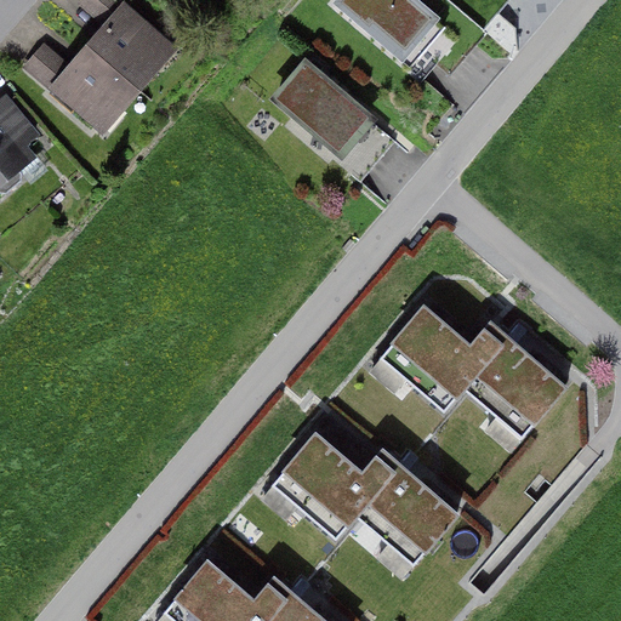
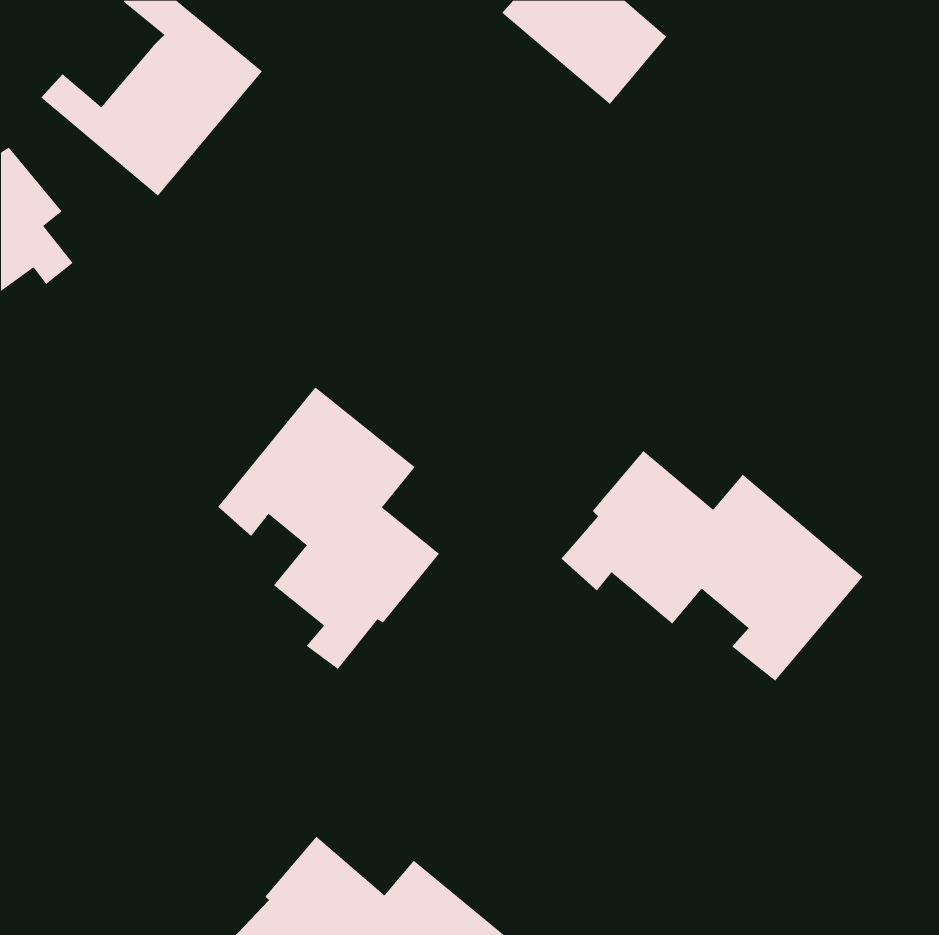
building: [269,64,378,169] -> none
building: none -> [217,386,440,670]
building: [258,427,461,587] -> none

